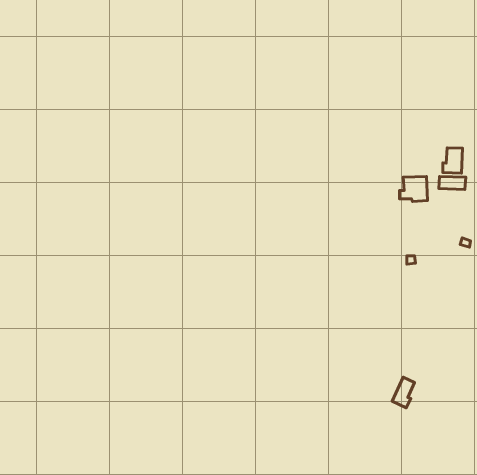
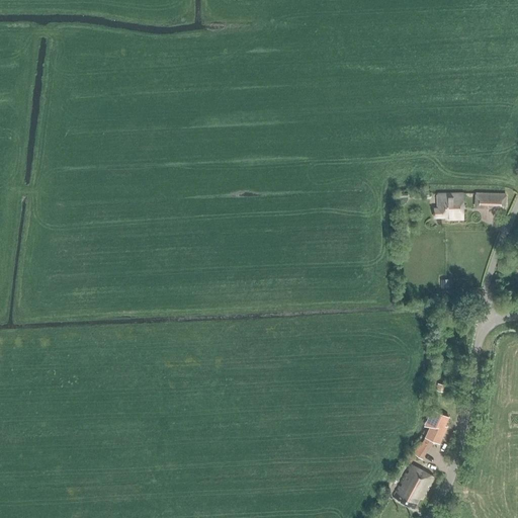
building: [443,148,462,173] -> none
building: none -> [393,463,432,507]

